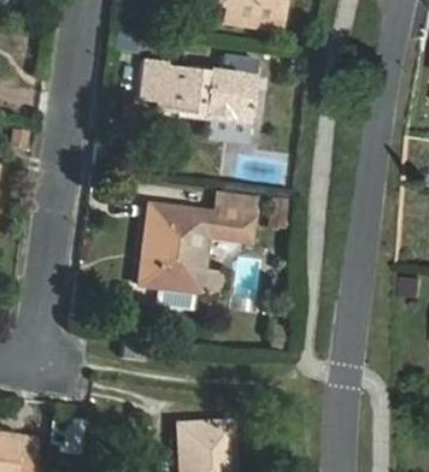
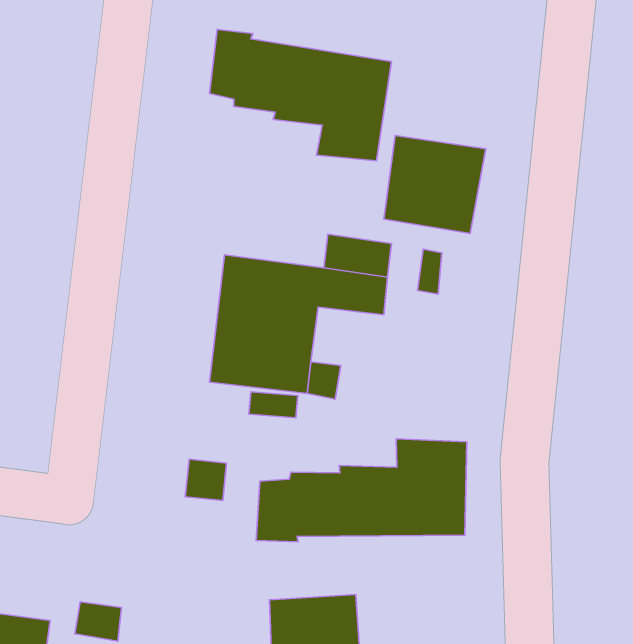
building: none -> [384,135,486,234]
building: none -> [256,439,467,542]

